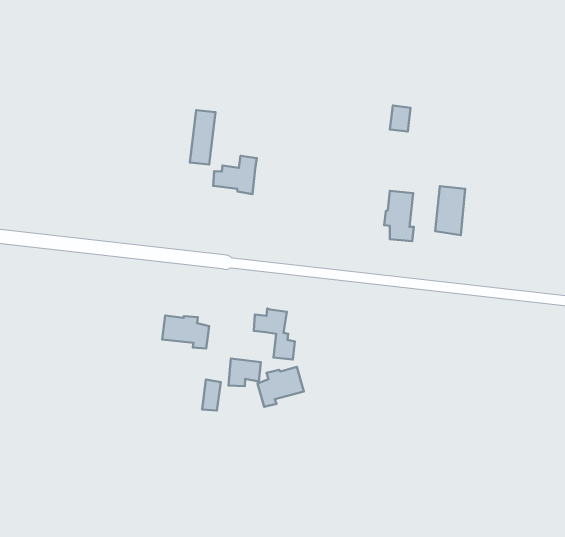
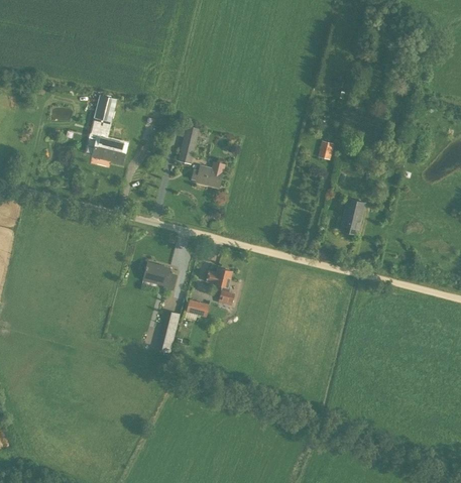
building: none -> [89,95,126,163]
building: [384,191,414,241] -> none
building: [257,367,304,407] -> none

